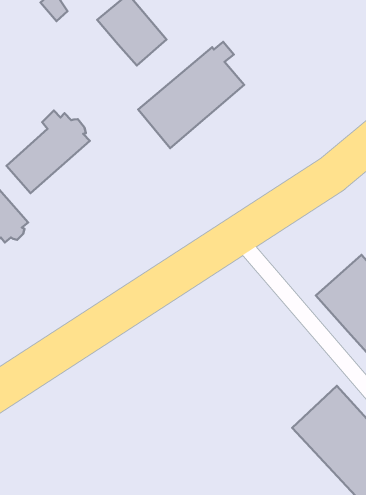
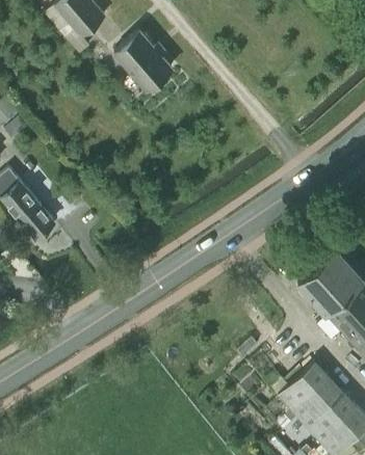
building: [138,42,244,148] -> none
building: [7,111,90,193] -> none

